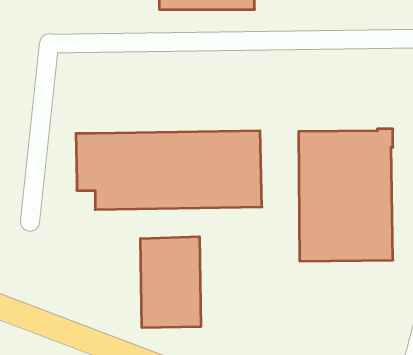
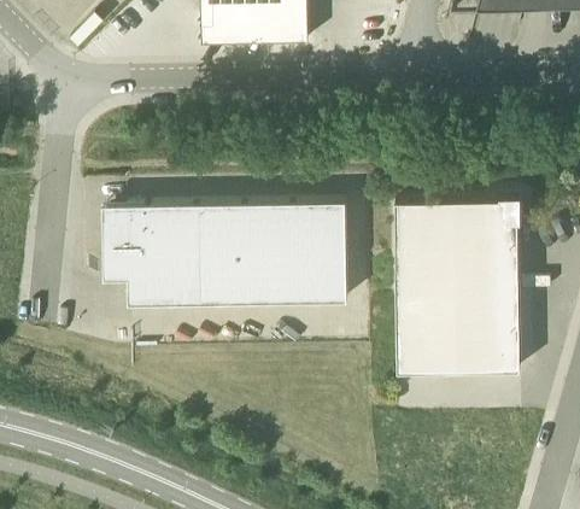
building: [141,237,201,328] -> none

